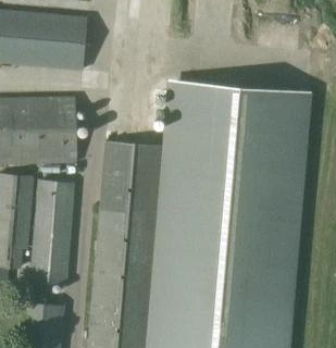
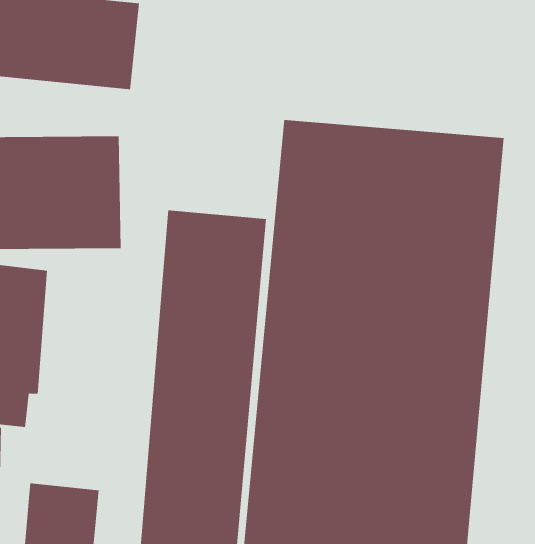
building: [20,178,75,283] -> none

